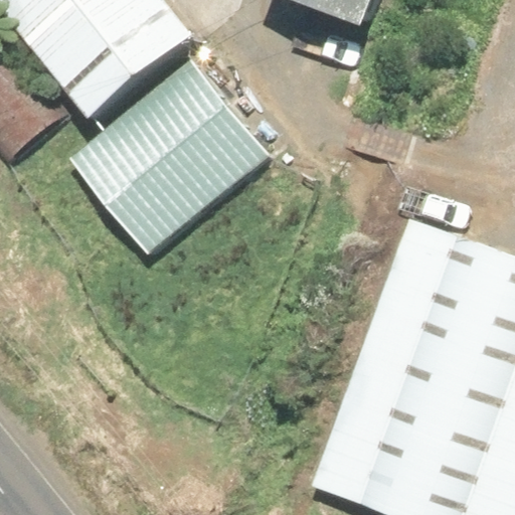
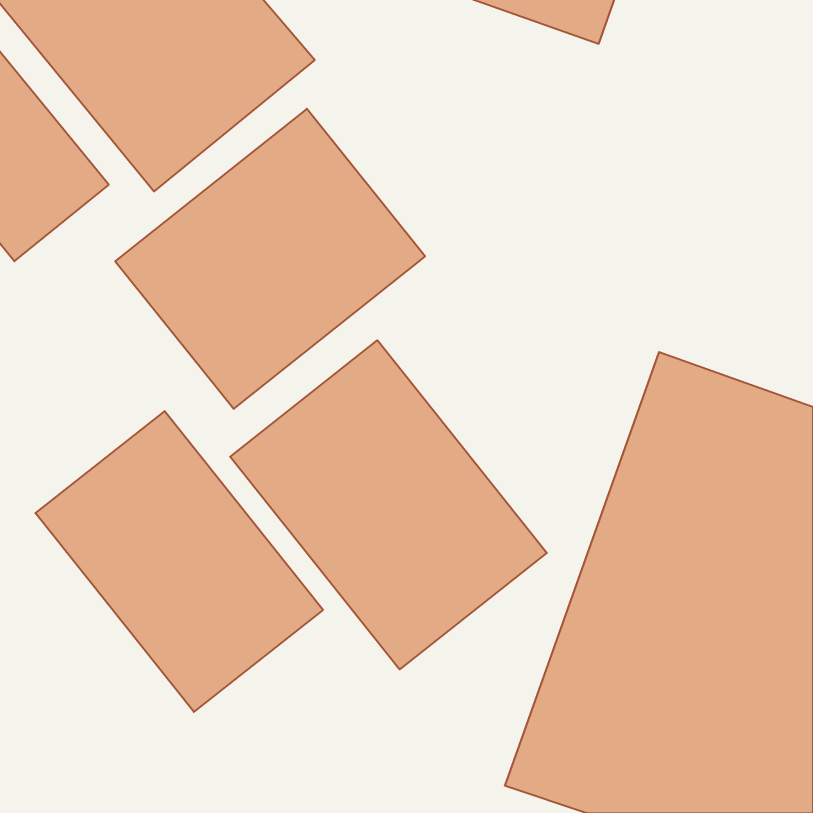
building: none -> [230,340,547,669]
building: none -> [35,411,323,712]

